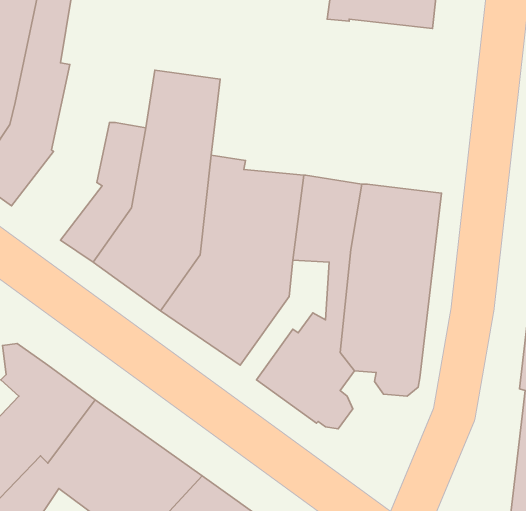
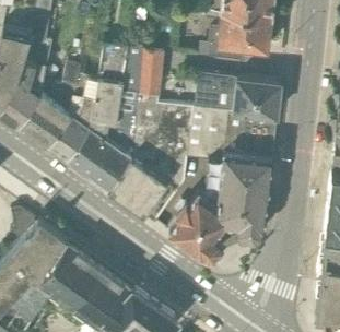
building: none -> [207,14,271,63]
building: none -> [138,50,172,100]
building: none -> [17,64,82,147]
building: none -> [195,74,280,119]

